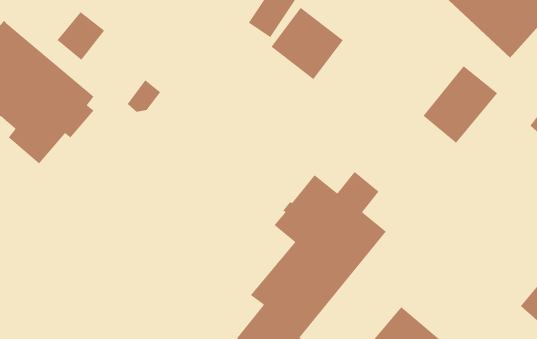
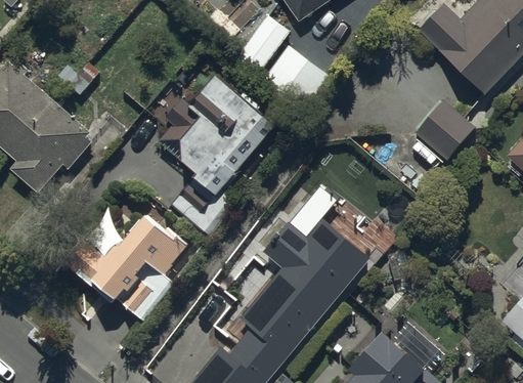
building: none -> [158,73,269,195]
building: none -> [61,208,188,325]

